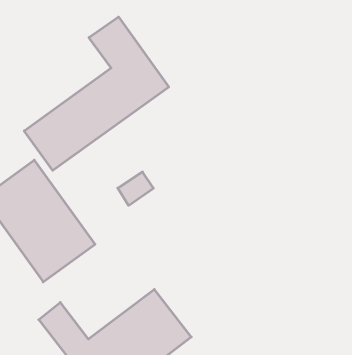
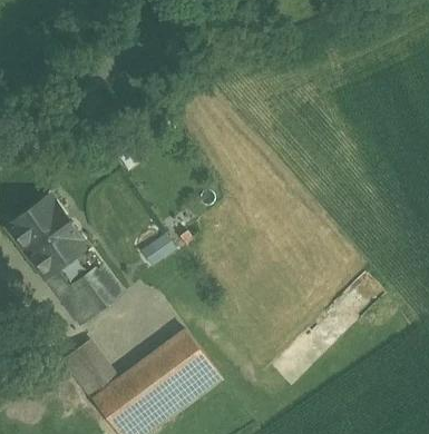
building: [24,17,169,170] -> none

